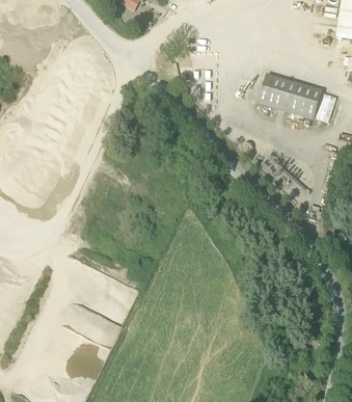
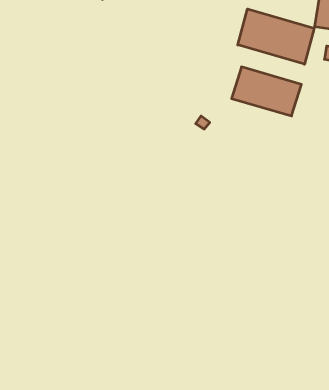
building: none -> [238,9,314,64]

